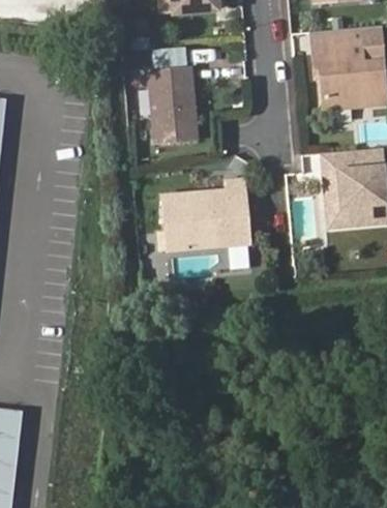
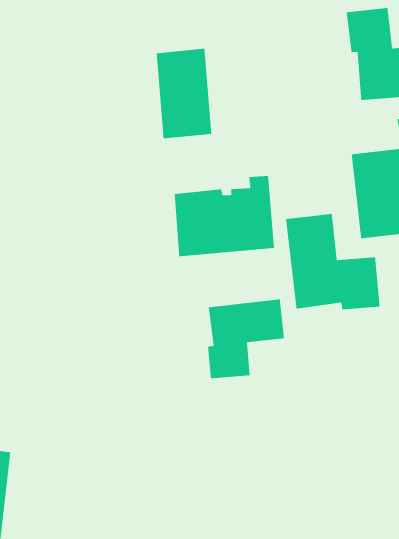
building: none -> [285,213,380,310]
building: none -> [207,298,285,379]

